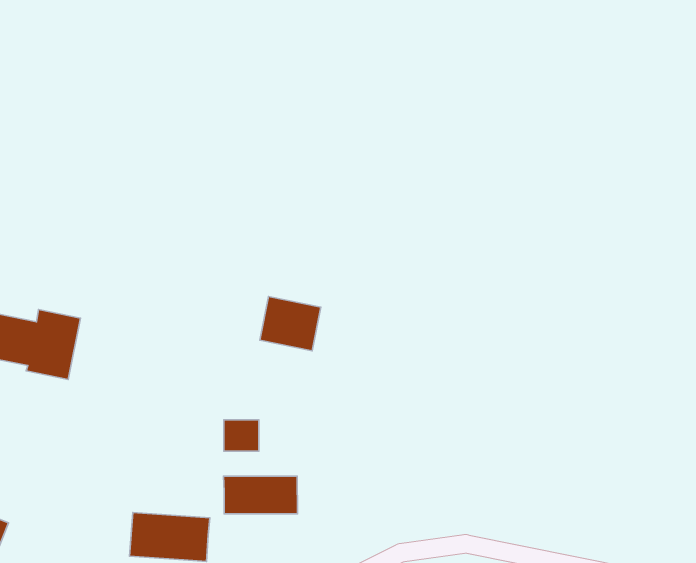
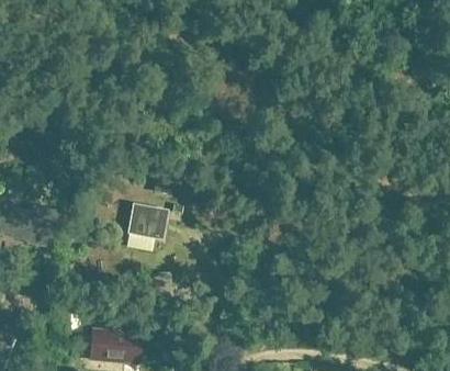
building: [260,297,321,351] -> [127,206,166,240]
building: [224,476,298,514] -> none

